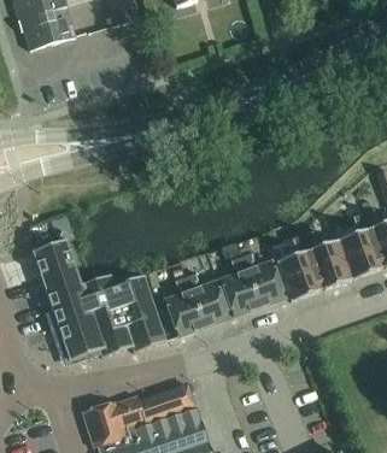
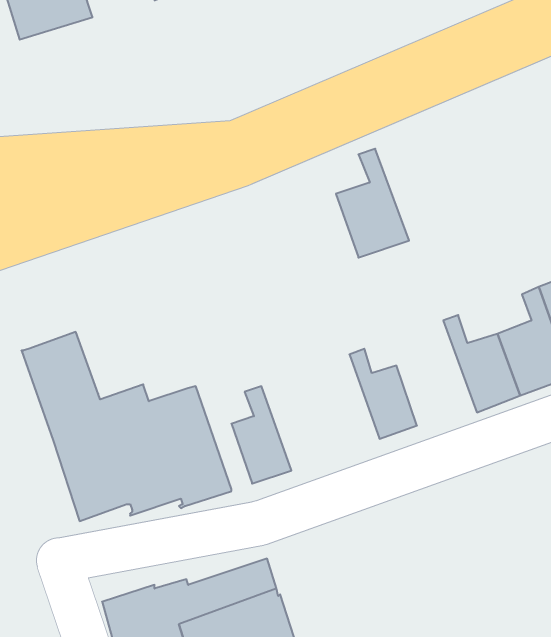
building: [276,231,323,301] -> [336,149,409,258]
building: [222,253,260,316] -> none
building: [184,270,229,328] -> none

